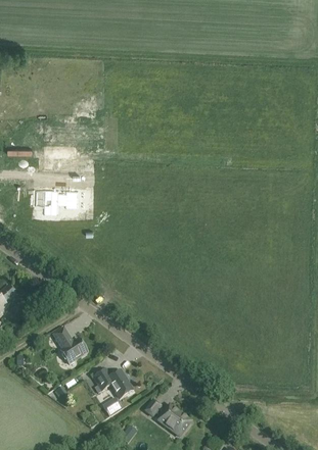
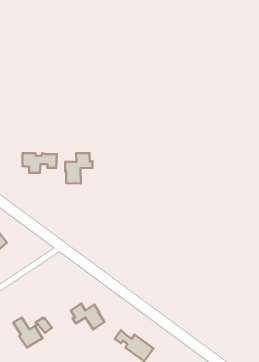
building: none -> [65,153,93,183]
building: [52,328,87,363] -> [13,317,43,347]

